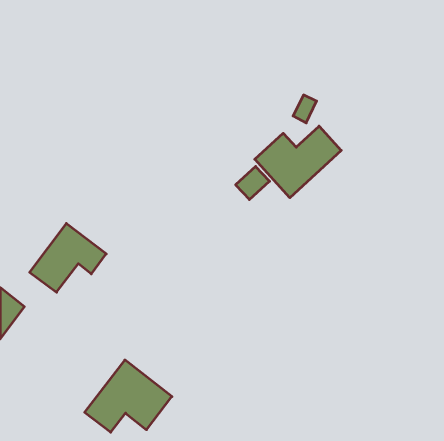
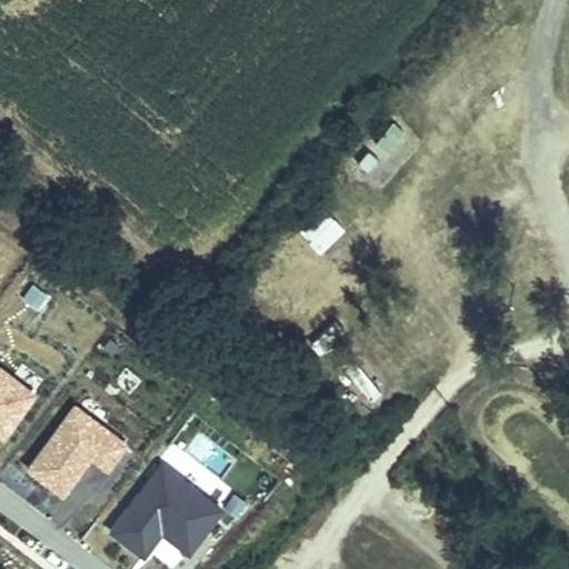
building: [255,126,341,198] -> none
building: [30,223,106,292] -> [28,407,126,495]

